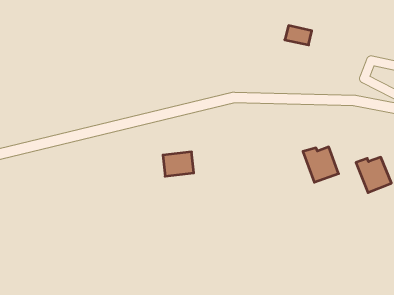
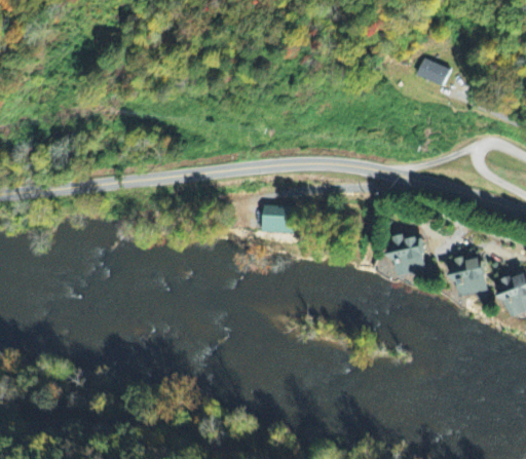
building: [285,26,312,45] -> [414,60,448,86]
building: [163,152,194,176] -> [262,205,298,232]

